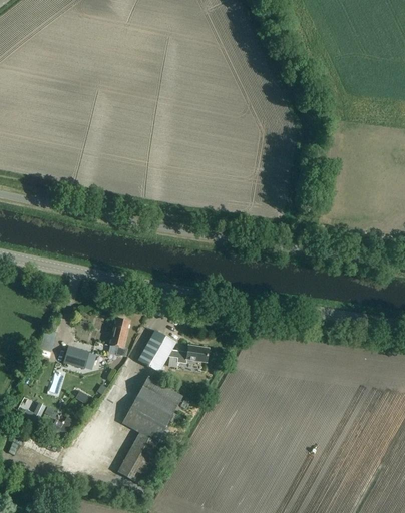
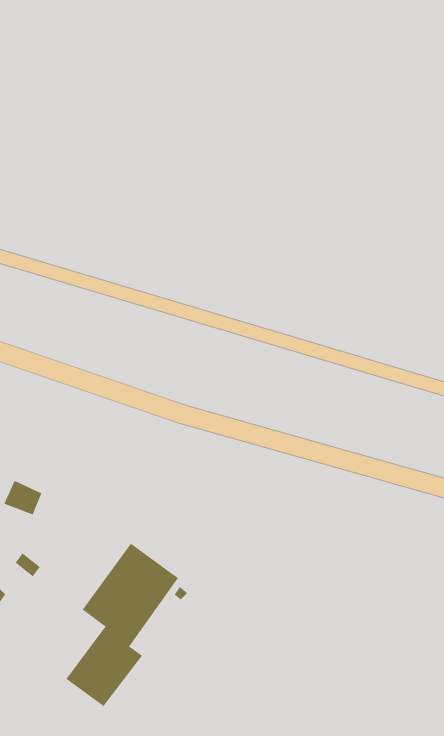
building: [110,319,128,357] -> none
building: [137,331,208,373] -> none

